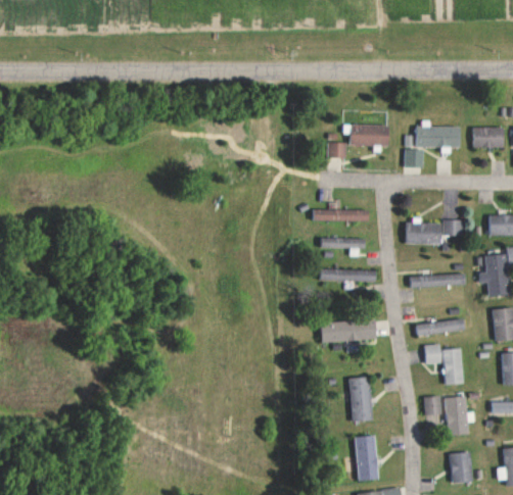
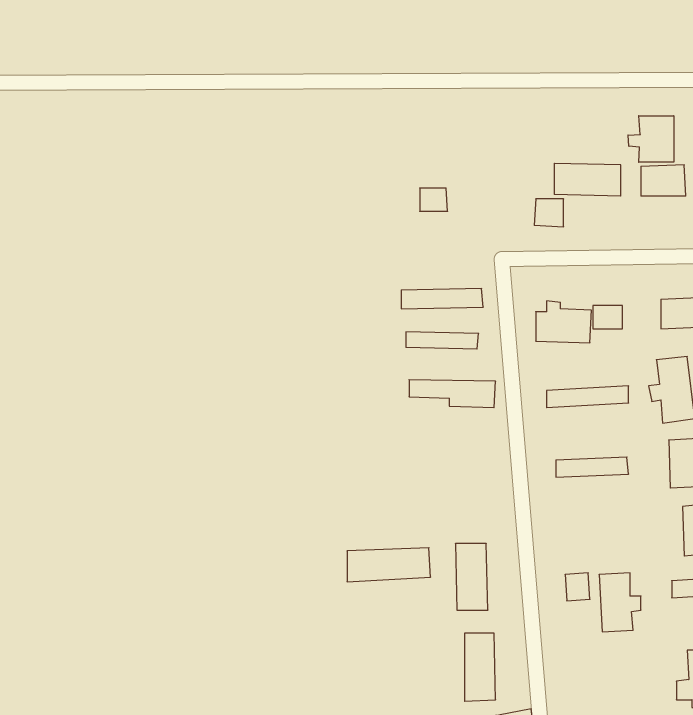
building: none -> [628,116,674,162]
building: [351,123,388,145] -> none
building: [321,319,376,342] -> [347,548,431,582]
building: [423,344,463,385] -> none
building: [452,452,471,482] -> none

